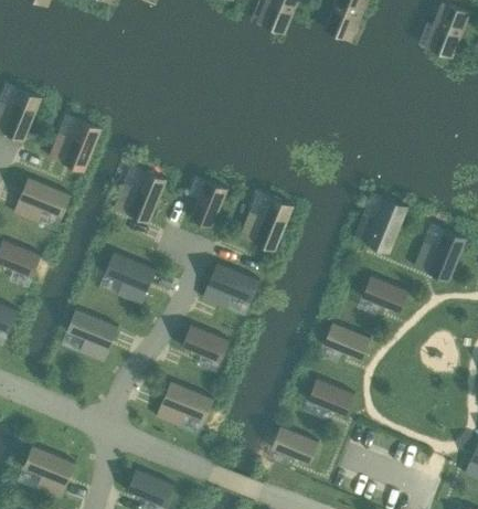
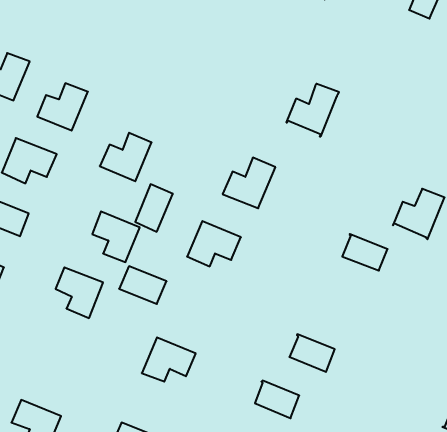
building: [190,180,229,229] -> [135,184,173,232]
building: [353,198,407,252] -> [286,84,339,136]
building: [325,322,371,361] -> none
building: [181,325,230,363] -> [119,266,167,304]

